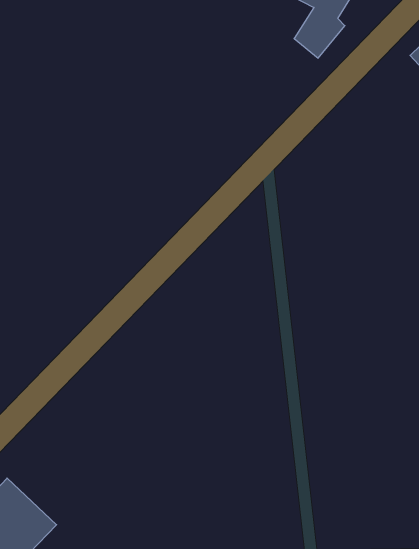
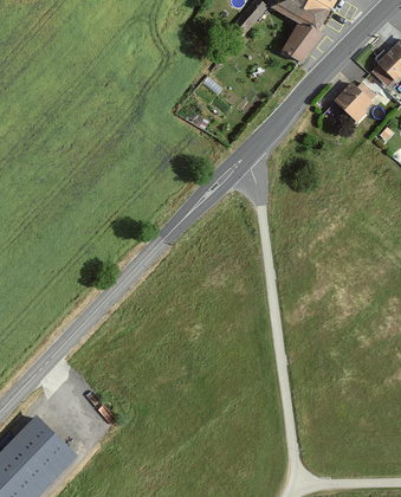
building: none -> [331,79,375,124]

